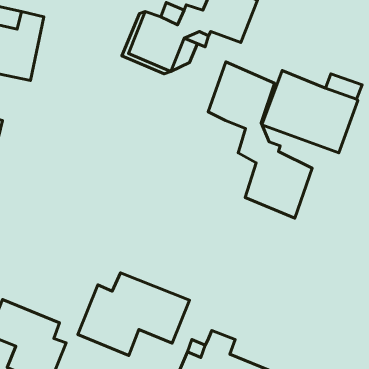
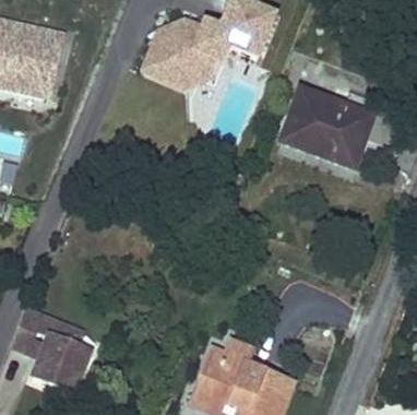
building: [208,62,312,218] -> none
building: [78,273,190,356] -> none

